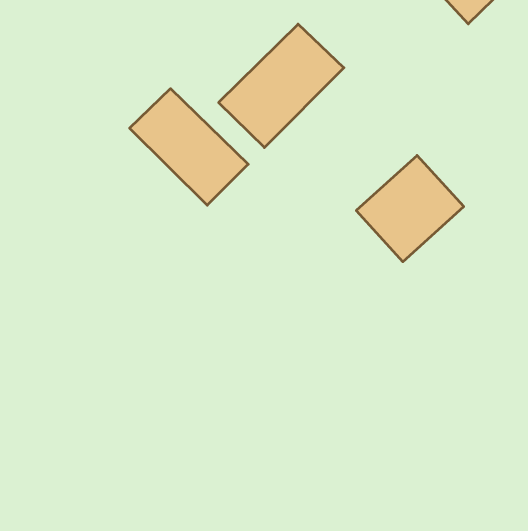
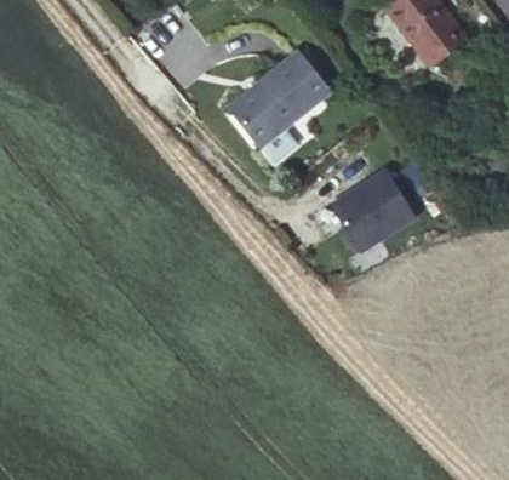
building: [130,89,248,205] -> none

